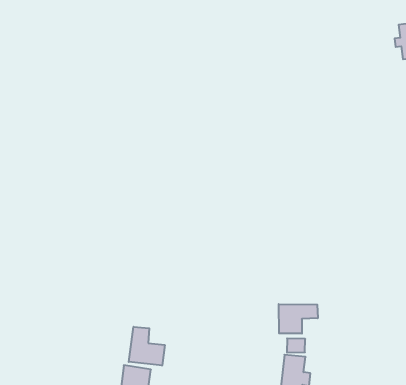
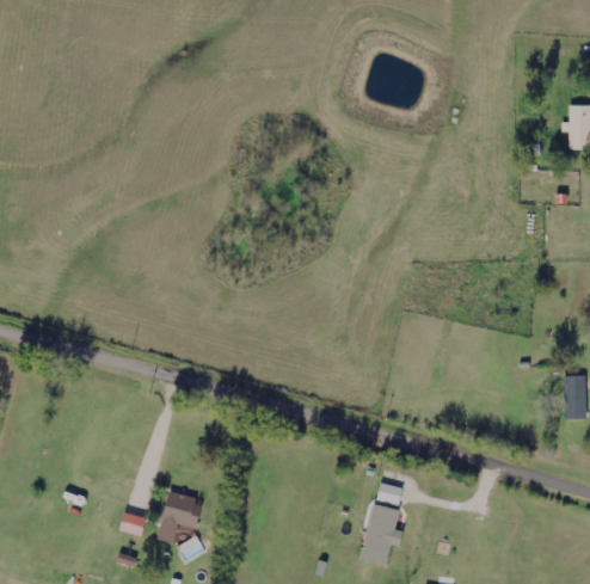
building: [279,304,318,334] -> none
building: [129,327,165,366] -> none

